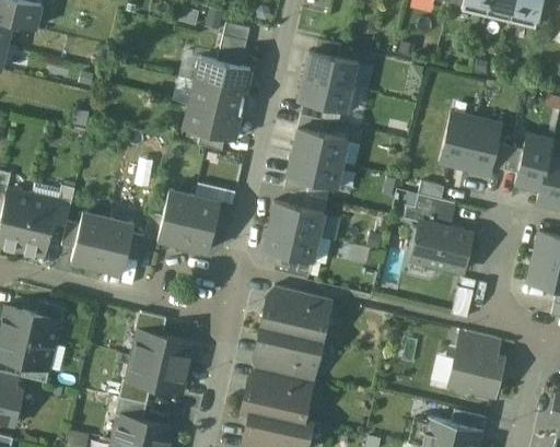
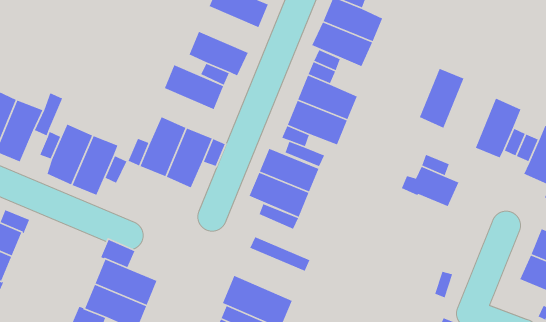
building: [189,81,245,117] -> [164,64,224,110]
building: [440,114,476,169] -> [419,68,464,129]
building: [410,222,470,272] -> none
building: [261,297,327,340] -> none

